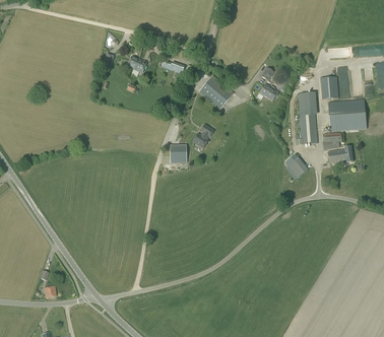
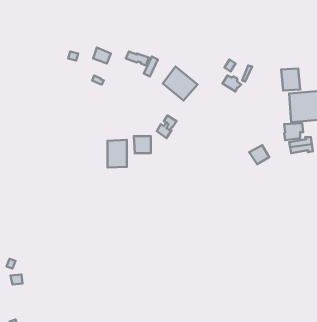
building: [295,91,317,144] -> none
building: none -> [107,140,127,168]

